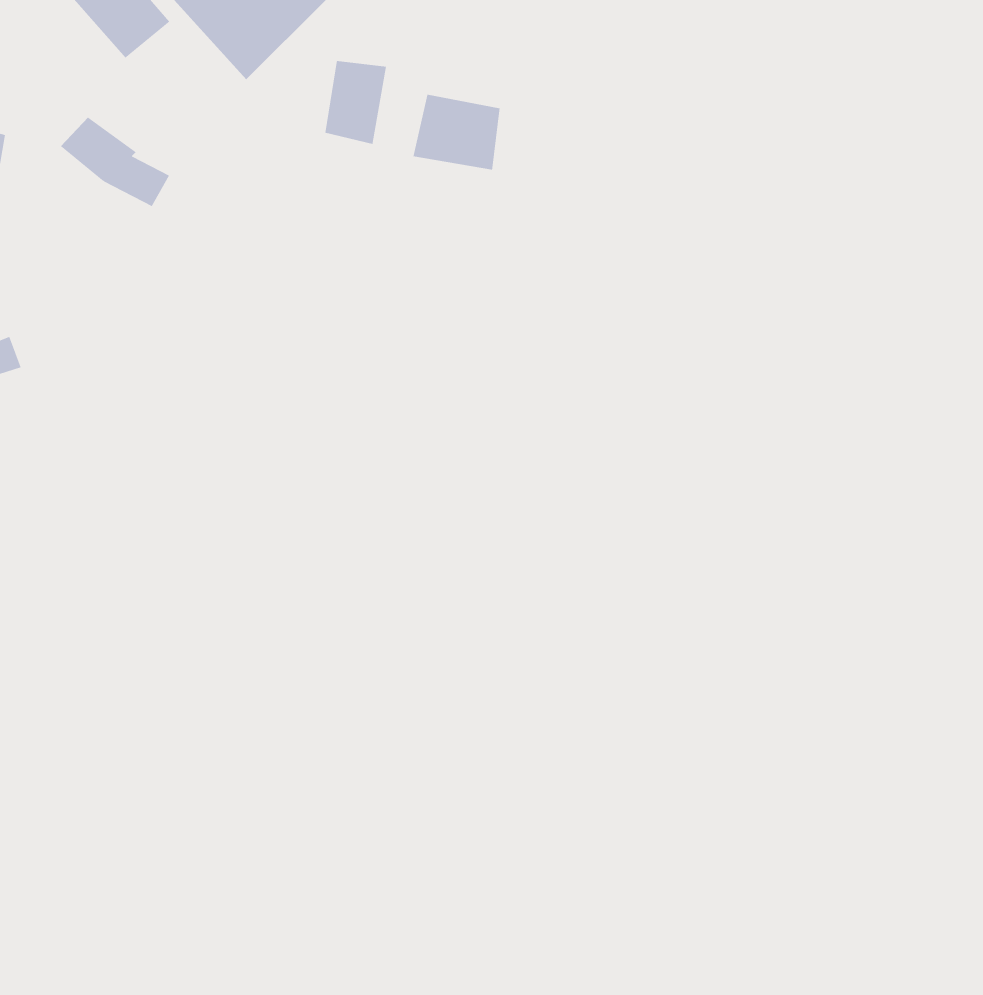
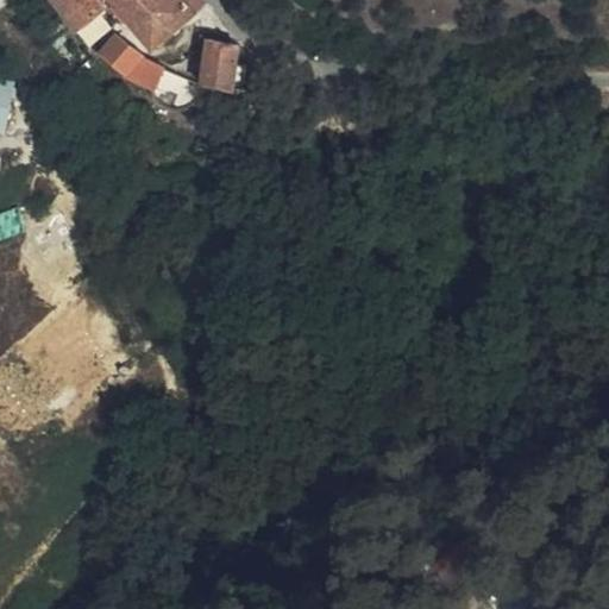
building: [413,94,500,171] -> none
building: [60,117,170,207] -> [99,36,165,90]

